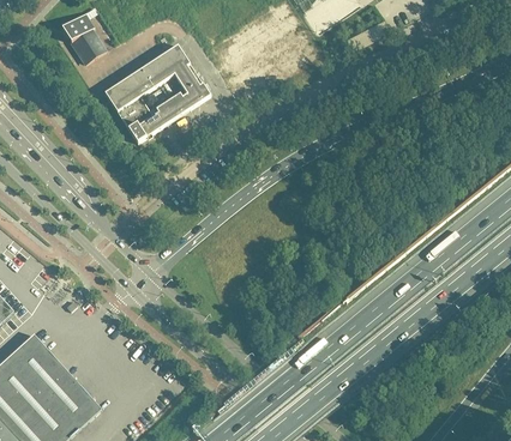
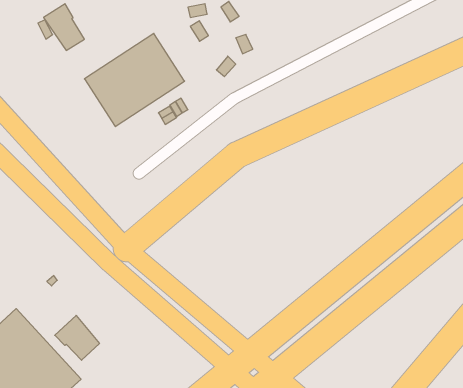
building: none -> [55,315,99,360]

